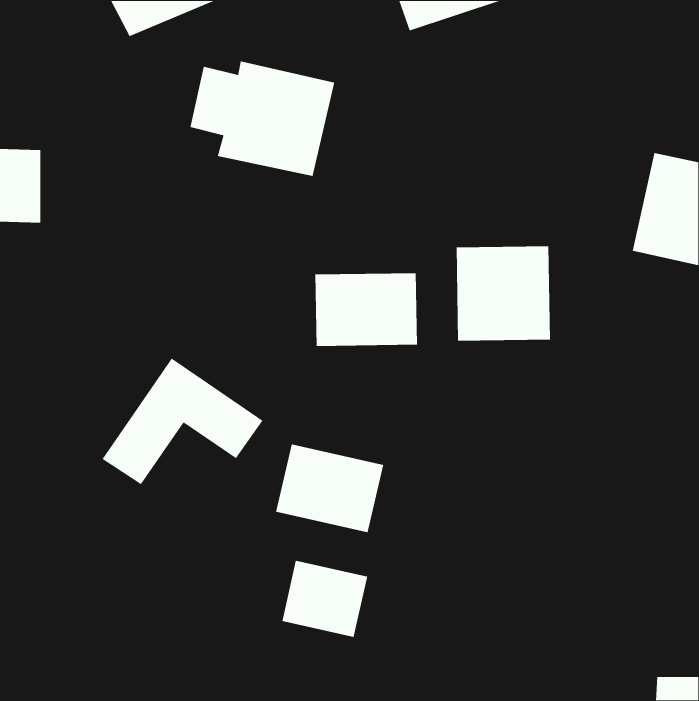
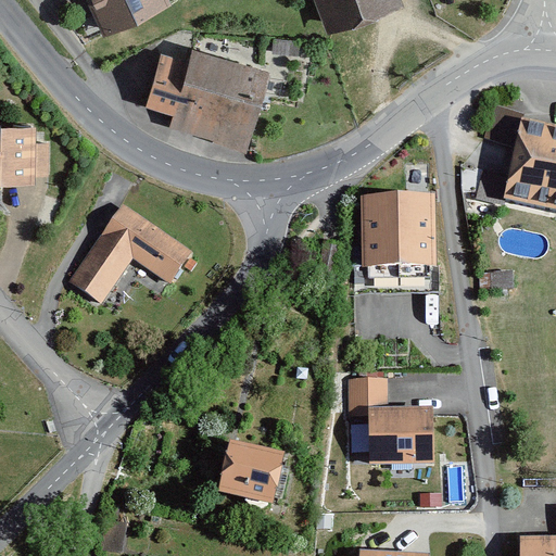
building: [315,272,418,347] -> none
building: [101,358,264,485] -> [66,205,194,306]
building: [275,443,384,533] -> none
building: none -> [346,379,437,467]

